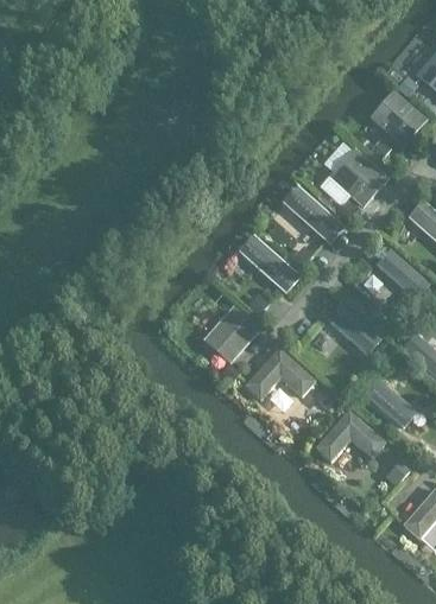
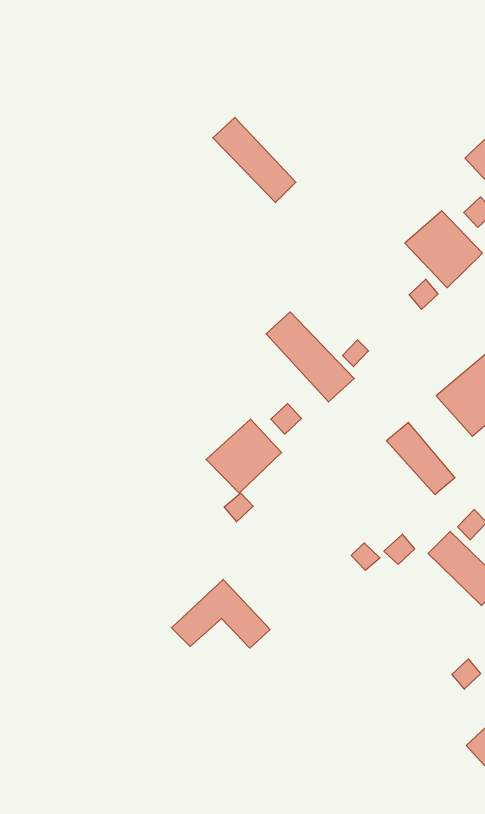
building: [282,186,342,243] -> [213,117,296,203]
building: [245,350,314,399] -> [171,579,270,648]
building: [315,412,384,462] -> none

